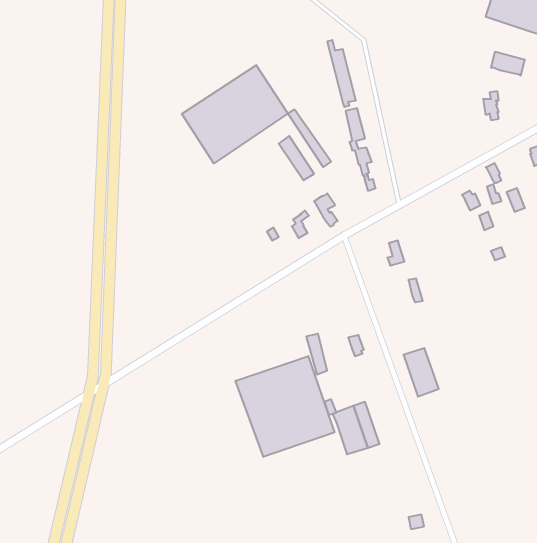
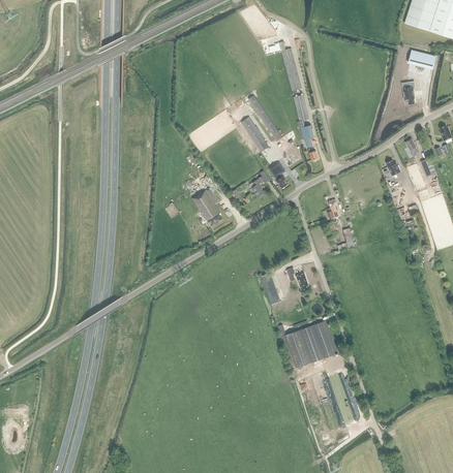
building: [182,65,288,163] -> none
building: none -> [191,187,222,225]
building: [403,348,439,397] -> [309,320,337,358]
building: [236,356,334,457] -> none

